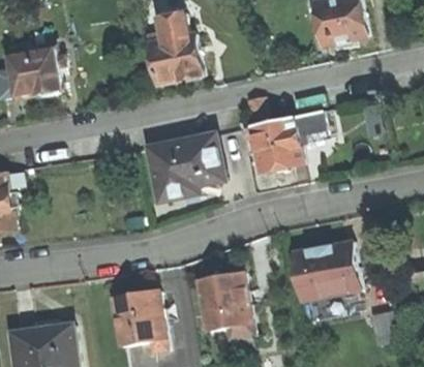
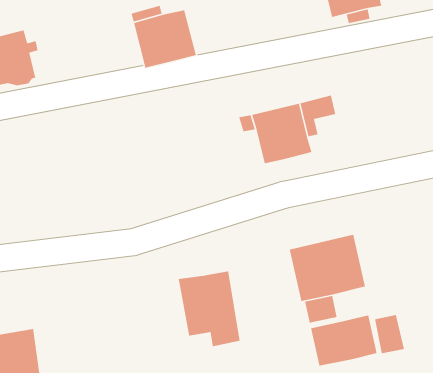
building: [155,140,232,206] -> none
building: [108,283,162,346] -> none
building: none -> [310,315,378,367]

